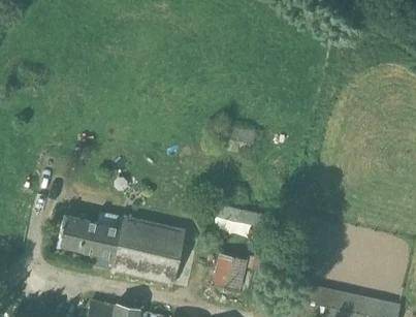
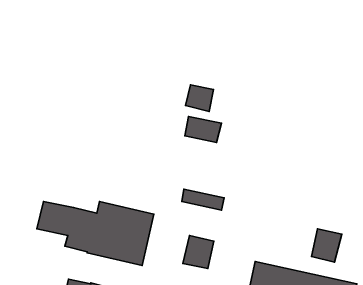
building: none -> [186,85,214,111]
building: none -> [312,229,342,262]

